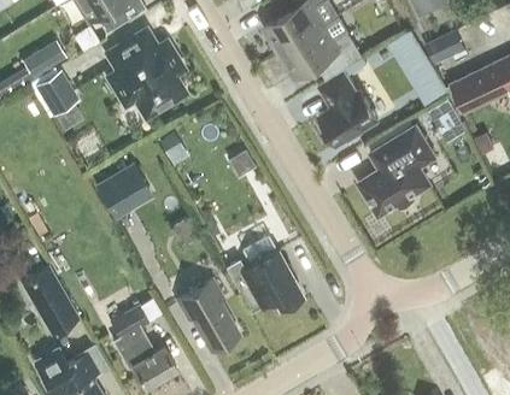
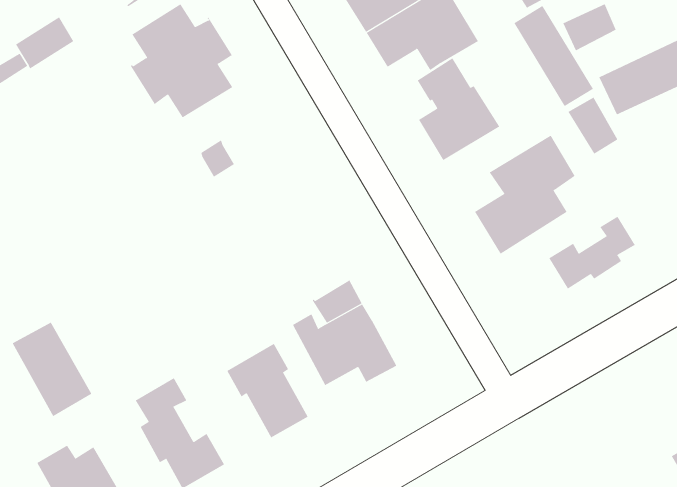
building: [34,71,78,116] -> none
building: [94,164,148,212] -> none
building: none -> [548,216,635,289]

